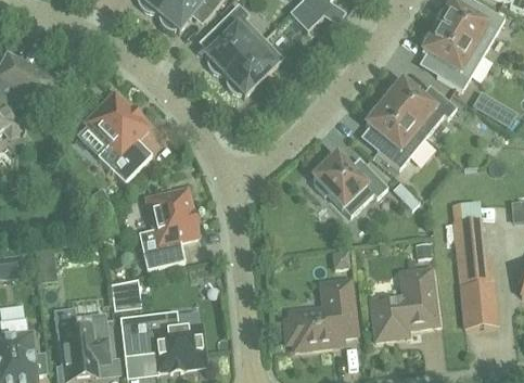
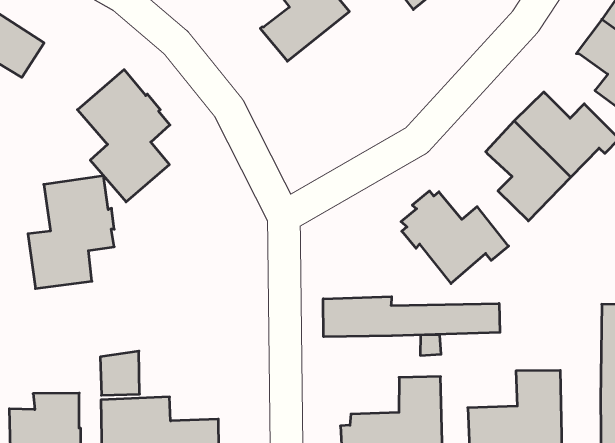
building: [225,36,283,94] -> none
building: [138,187,197,268] -> [28,176,114,289]
building: none -> [323,297,500,337]

